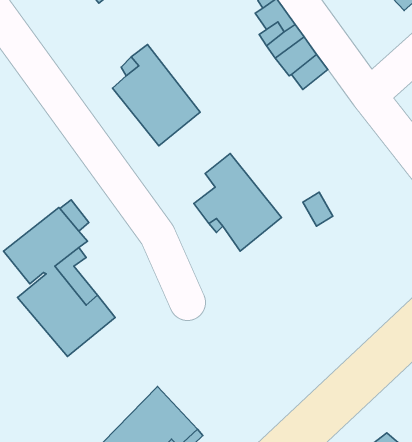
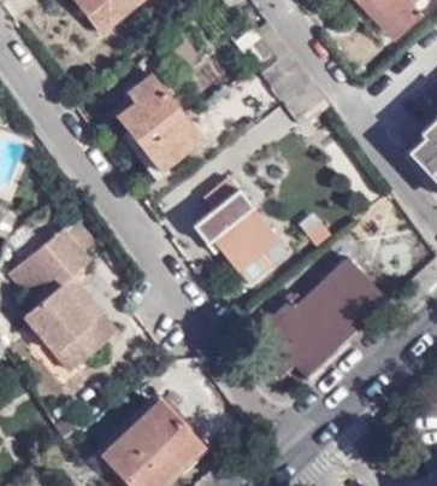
building: none -> [248,258,390,377]

